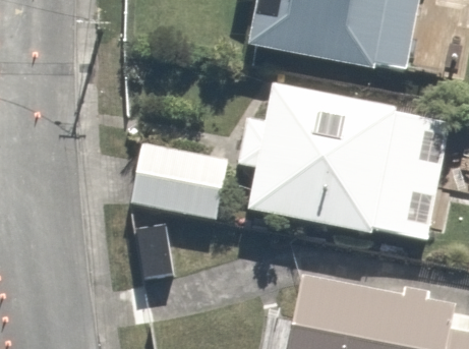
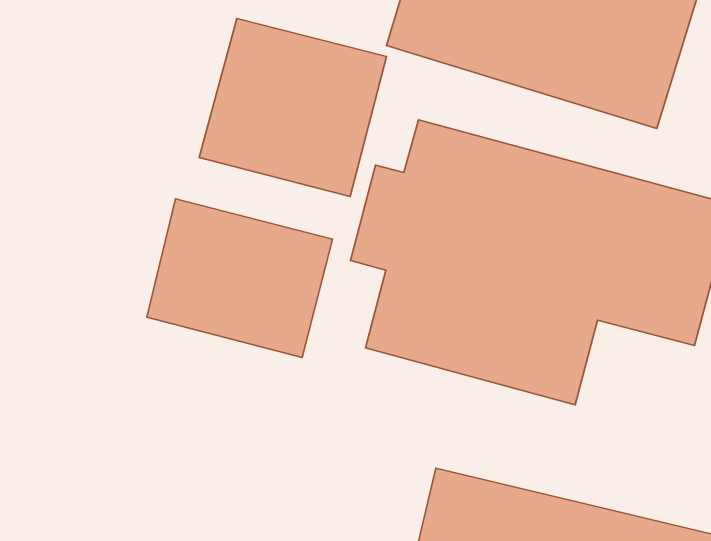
building: none -> [199,18,386,197]

